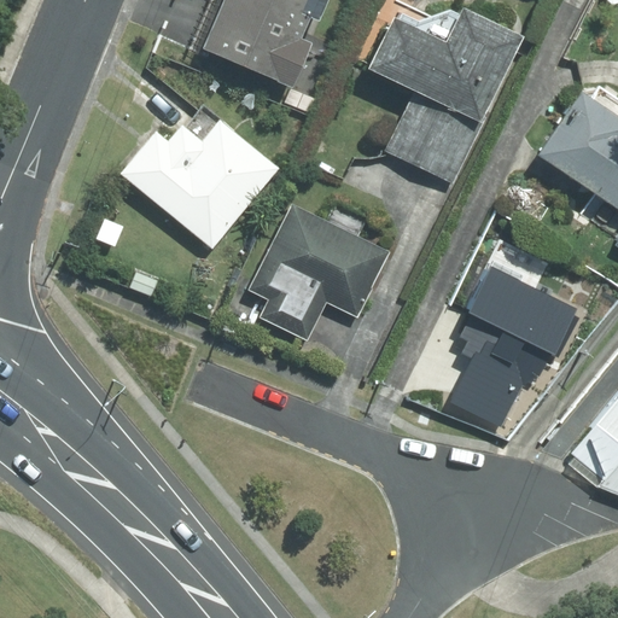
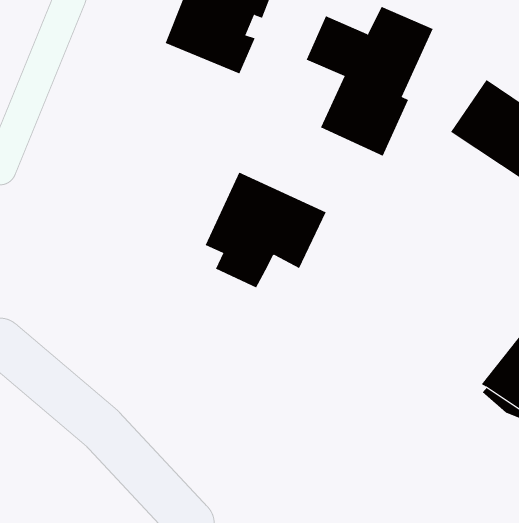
building: [119,105,279,247] -> none
building: [453,266,575,425] -> none

